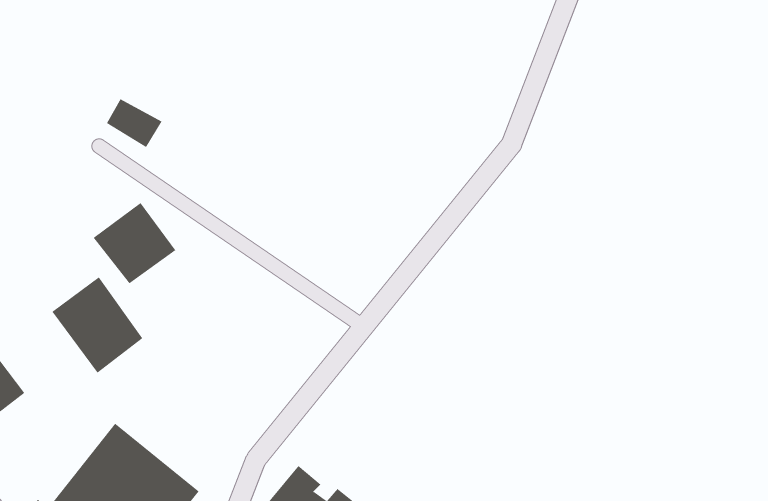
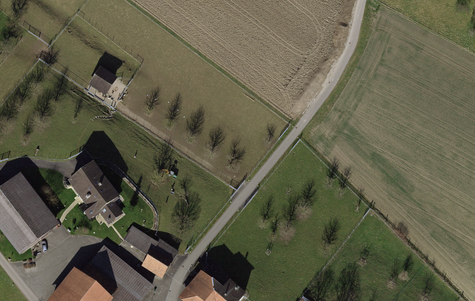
building: [93,202,176,284] -> none
building: none -> [124,227,176,274]

